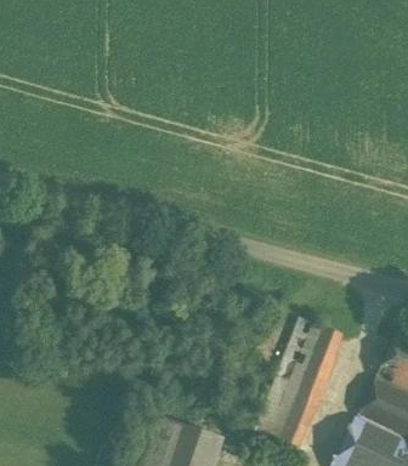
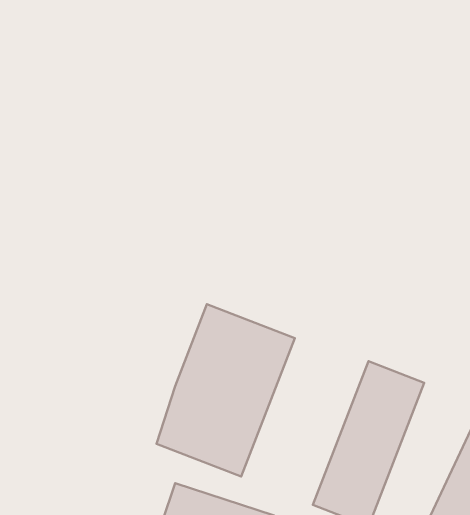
building: none -> [156,304,295,477]

